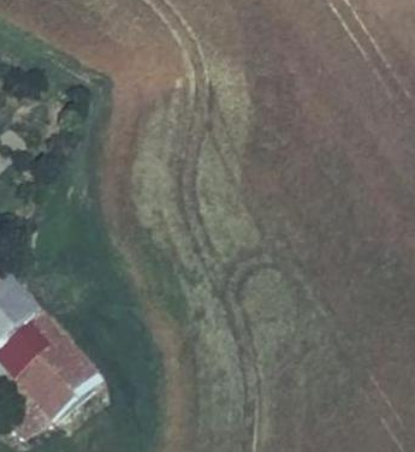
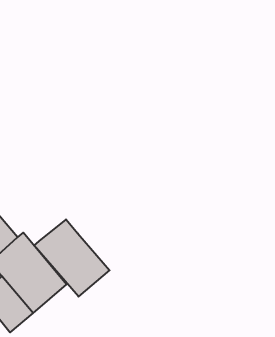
building: none -> [34,219,110,297]

